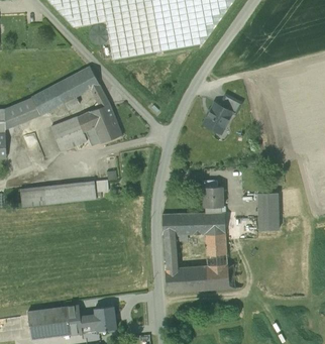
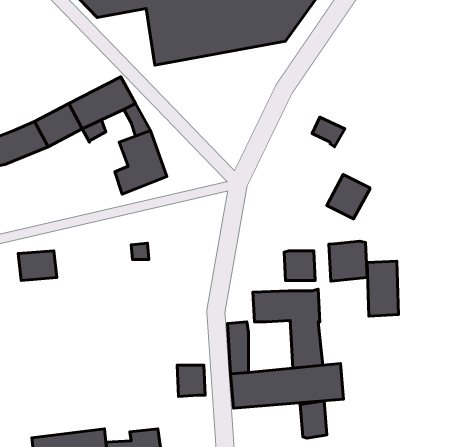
building: [203,103,232,133] -> [327,174,370,219]
building: [50,112,95,152] -> none
building: none -> [329,241,367,281]
building: [44,181,97,204] -> none
building: [161,214,181,235] -> [177,365,205,396]
building: none -> [300,401,327,438]

